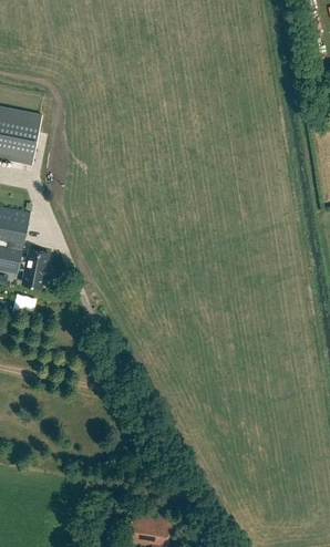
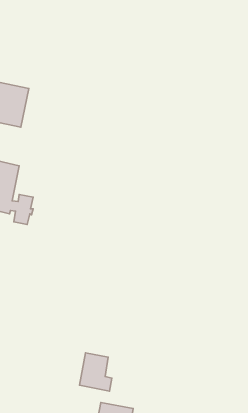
building: none -> [79,353,112,391]

